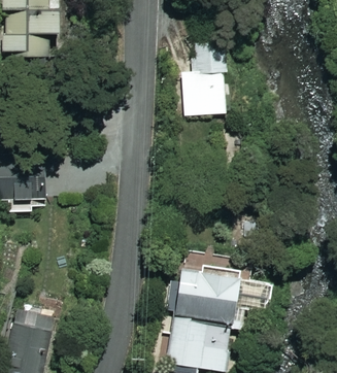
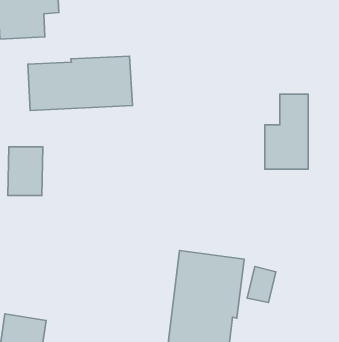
building: [182,41,225,114] -> [265,94,308,169]
building: none -> [28,56,132,110]

